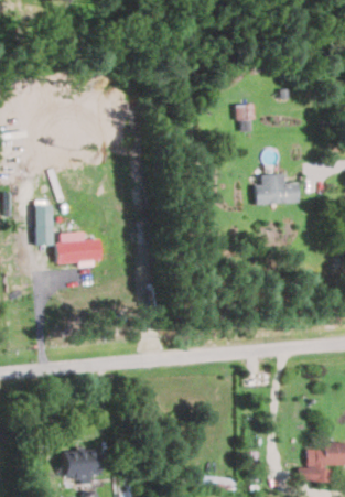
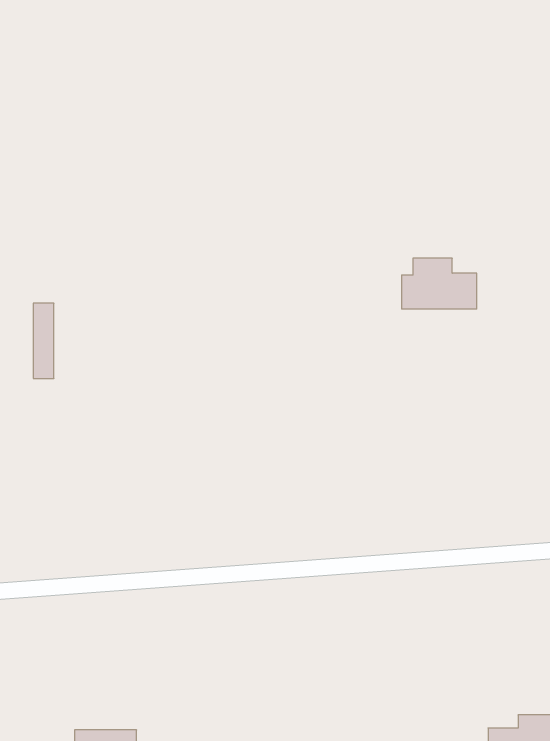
building: [238,104,255,130] -> none
building: [57,240,100,262] -> none

